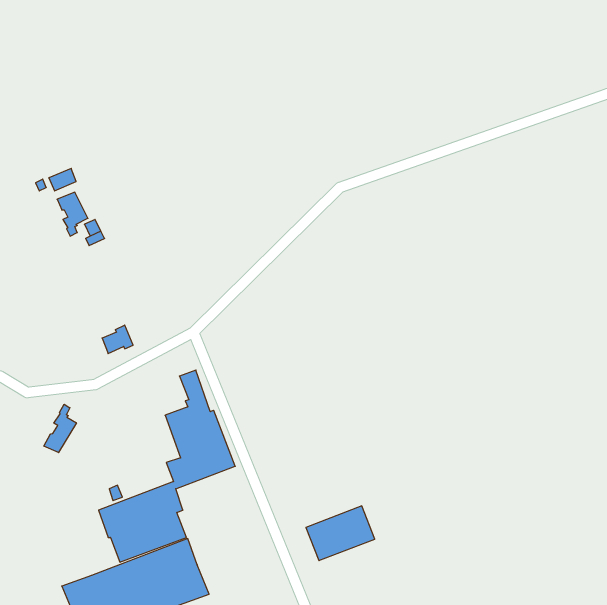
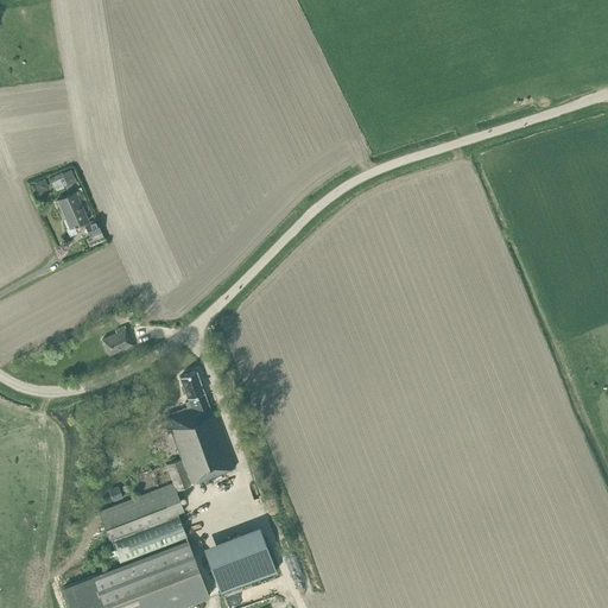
building: [44,404,76,453] -> none
building: [306,506,375,561] -> [207,538,276,593]

